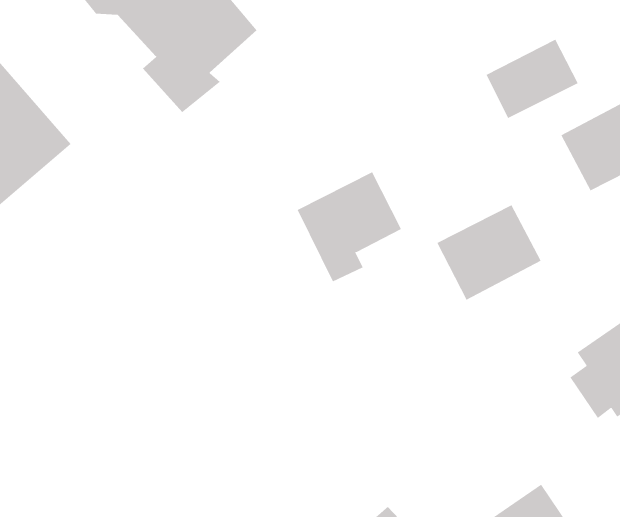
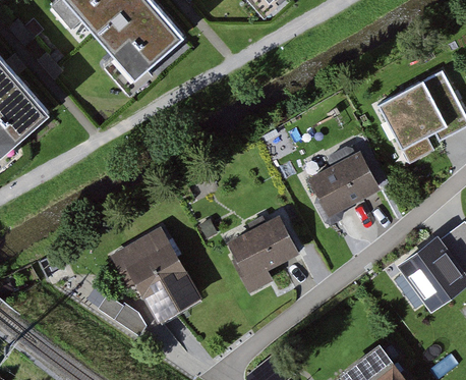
building: [486,39,578,119] -> none
building: [297,171,402,282] -> [225,217,297,293]
building: none -> [108,229,199,325]

